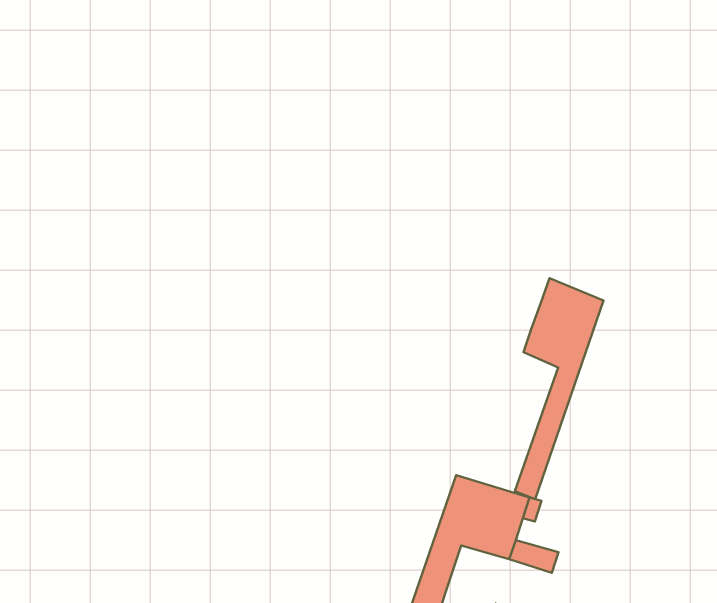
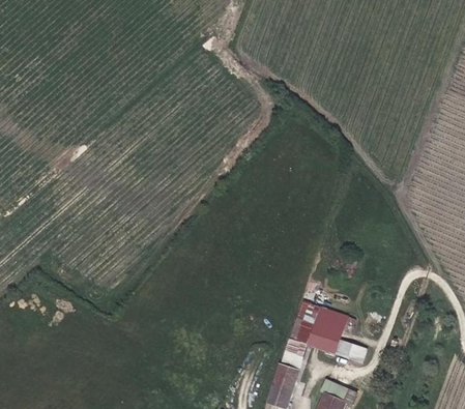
building: [515,278,603,499] -> none

